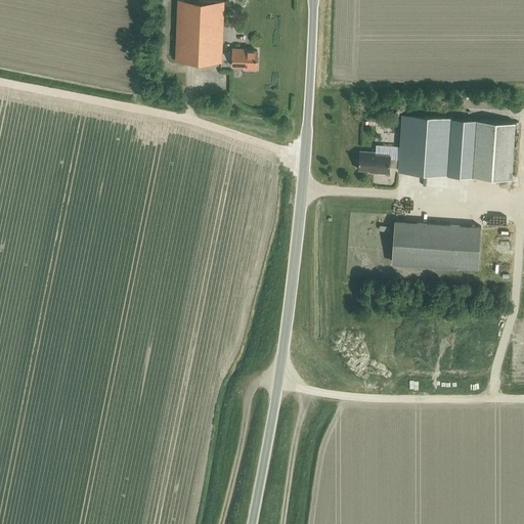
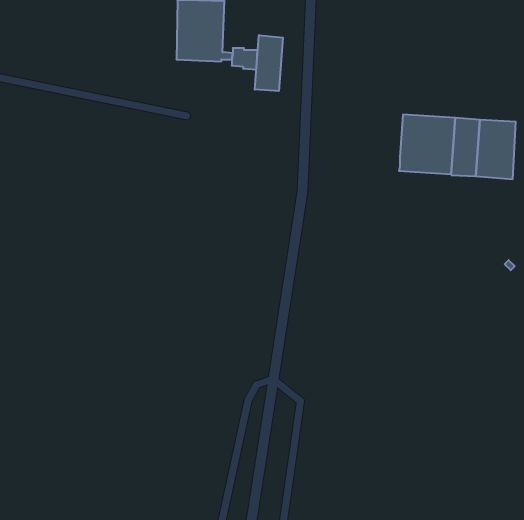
building: none -> [255,35,283,91]
building: [358,154,399,176] -> none
building: [391,223,481,270] -> none

